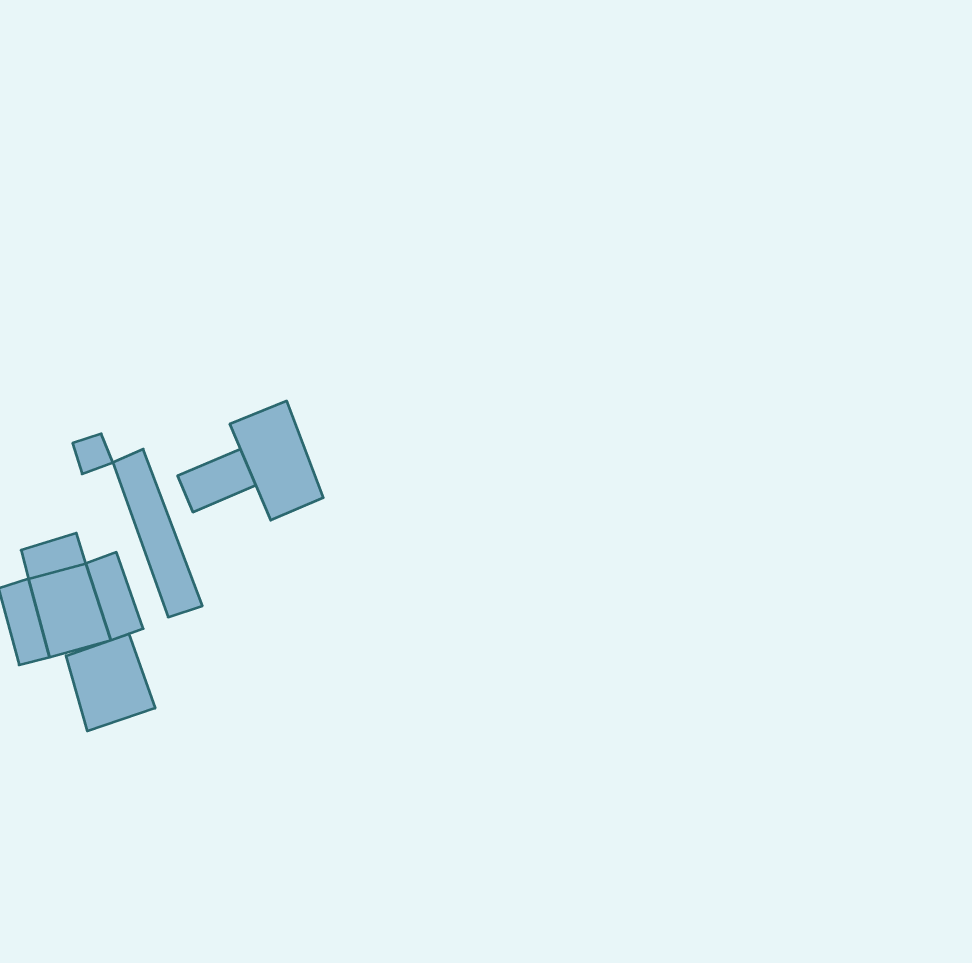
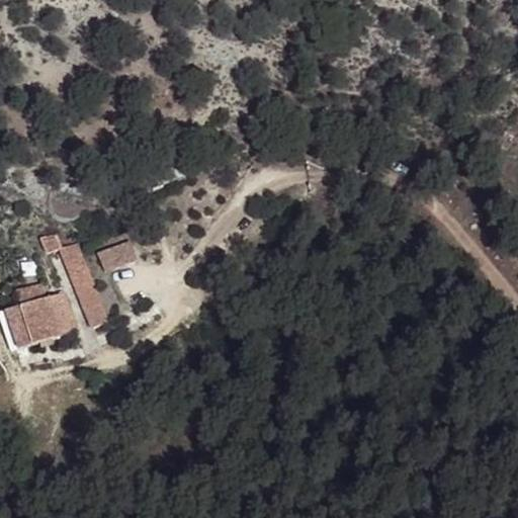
building: [230,401,323,520] -> none
building: [66,634,155,731] -> none

